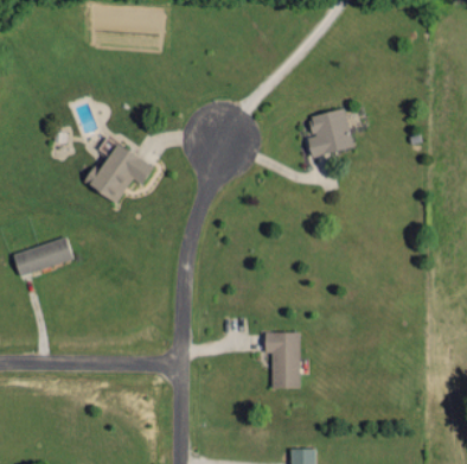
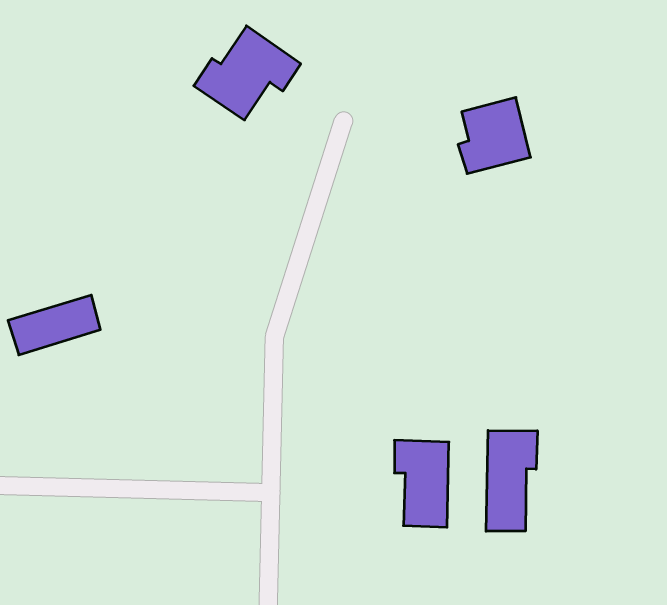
building: [83,142,153,204] -> [194,26,301,120]
building: none -> [486,430,537,531]

